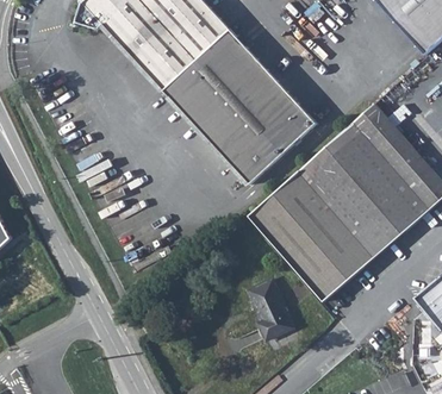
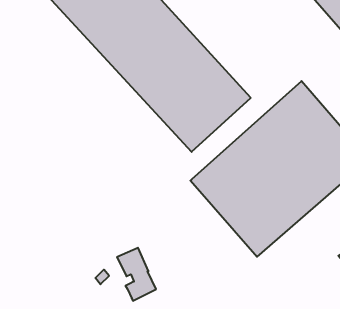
building: [248,280,292,339] -> [117,248,156,301]

